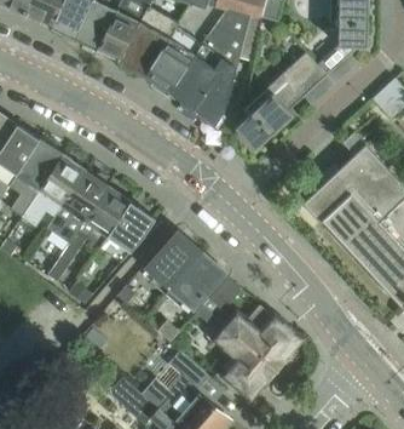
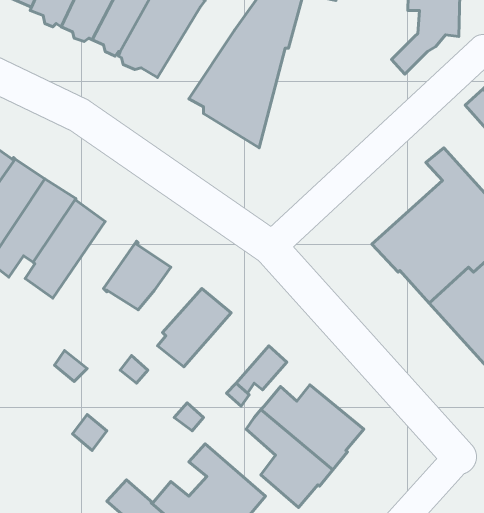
building: [144,27,201,97] -> none
building: [233,52,327,150] -> none
building: [47,185,128,281] -> none
building: [163,253,221,310] -> none

